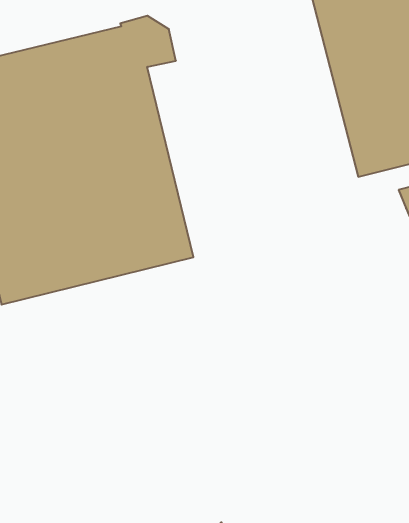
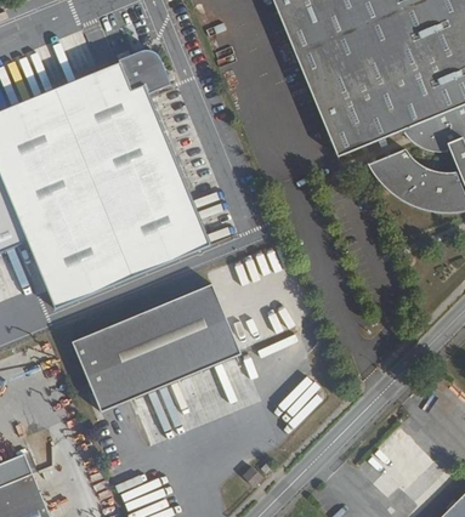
building: none -> [73,285,240,411]

